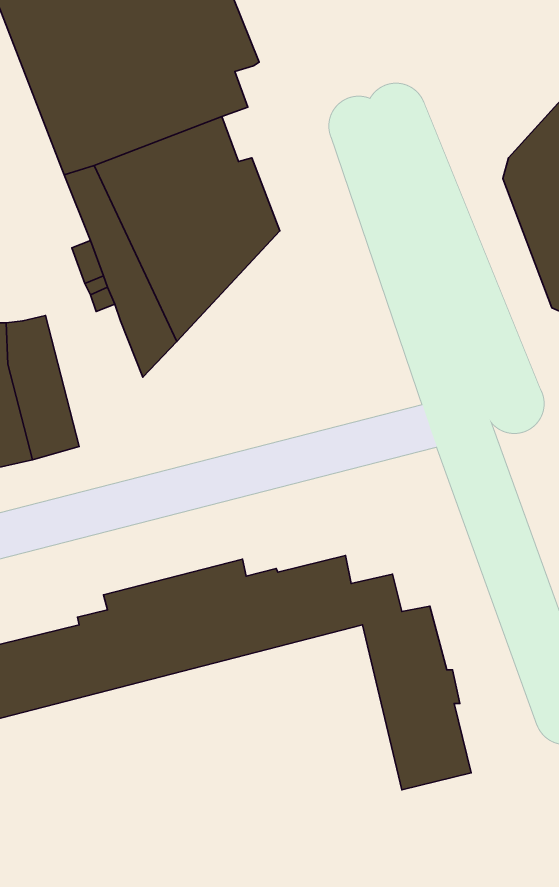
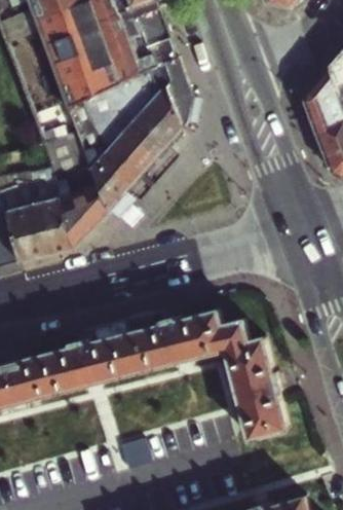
building: none -> [150,42,192,133]
building: none -> [41,139,107,251]

